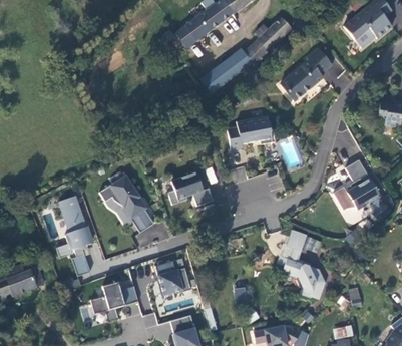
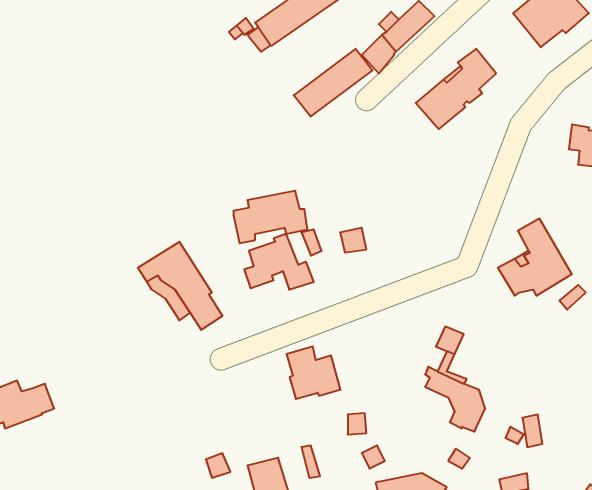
building: [228,116,276,150] -> [233,191,308,243]
building: [55,195,92,276] -> none
building: [156,261,191,295] -> [287,346,341,399]
building: [91,282,139,321] -> none

